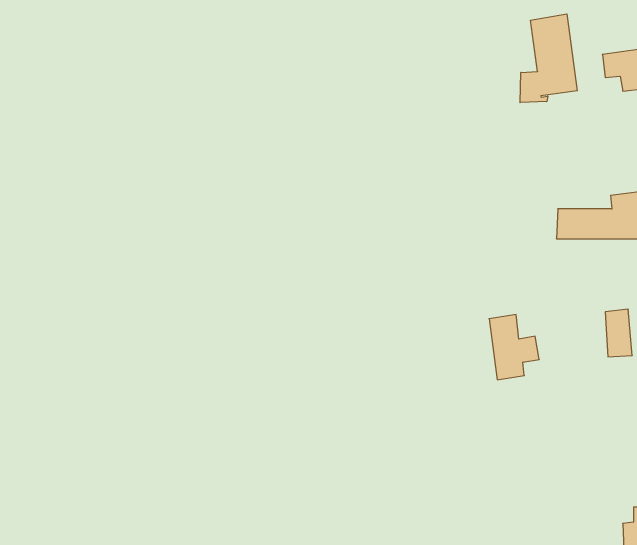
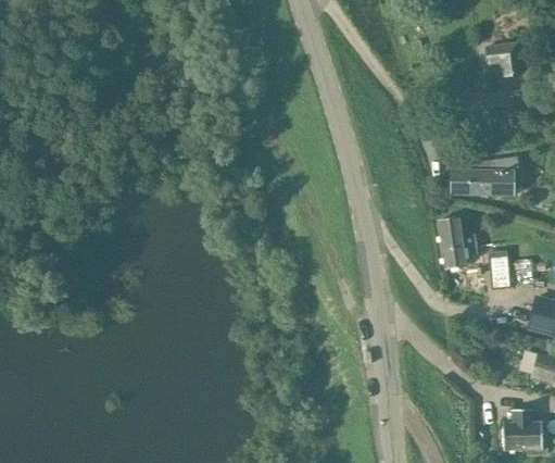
building: [520,14,577,103] -> none
building: [489,315,539,380] -> [438,216,478,268]

